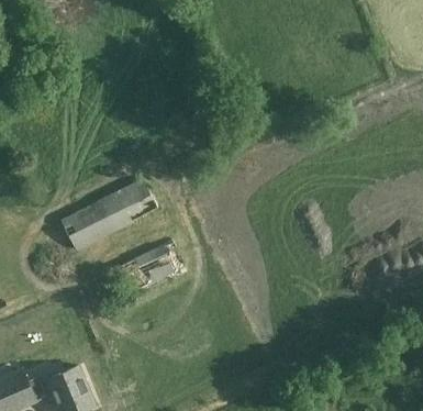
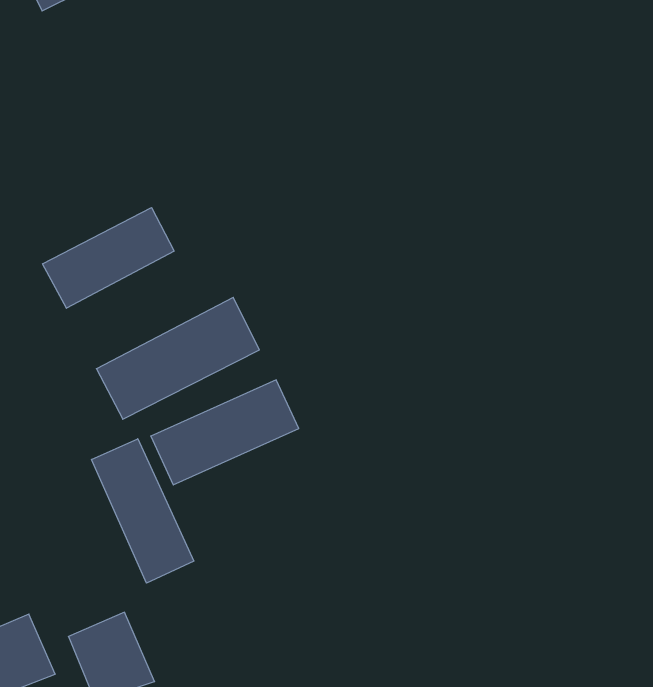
building: none -> [43,208,174,308]
building: none -> [92,439,194,583]

